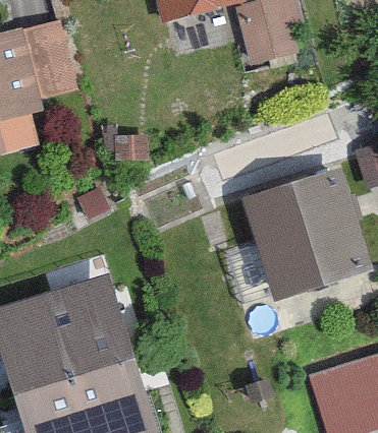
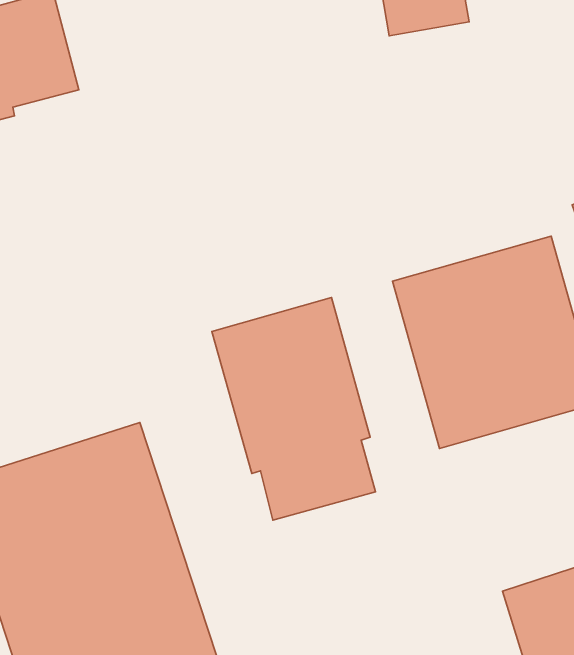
building: none -> [212,298,375,520]

